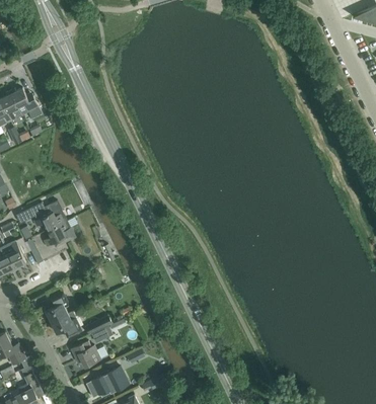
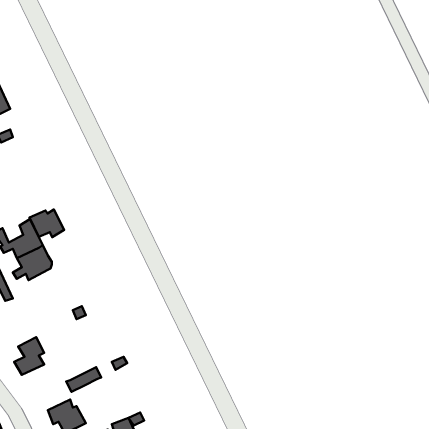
building: none -> [29,209,64,237]
building: [51,312,81,338] -> none

